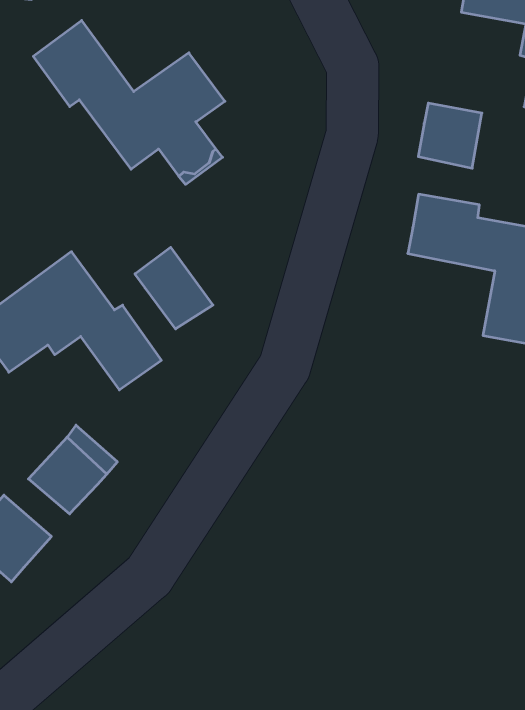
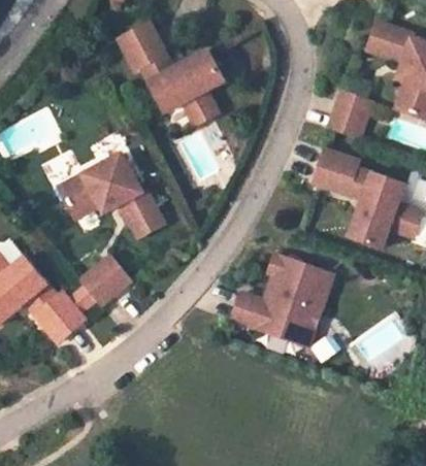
building: [135,247,213,329] -> none
building: none -> [223,246,330,342]

